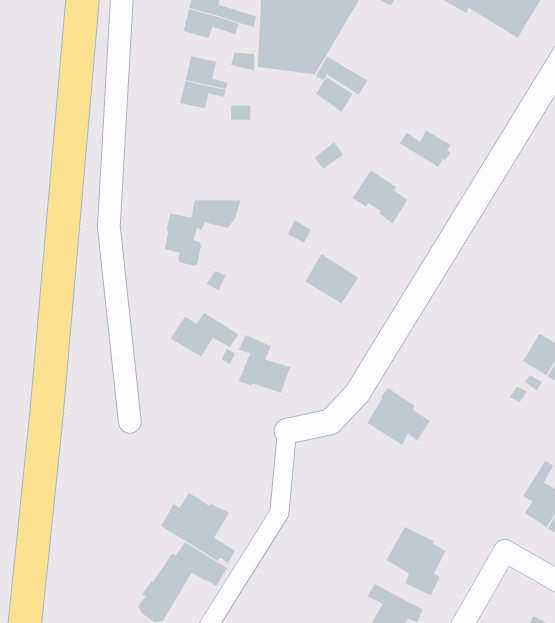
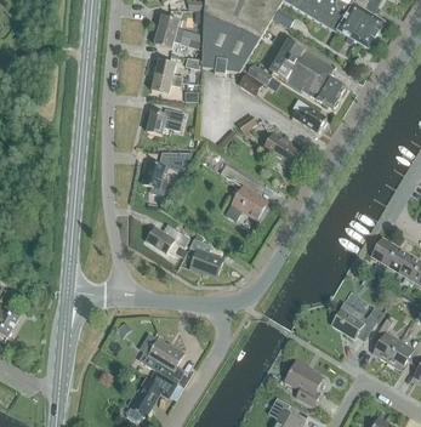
building: none -> [269,39,346,108]
building: none -> [147,108,184,135]
building: [366,387,431,446] -> [331,301,372,338]

